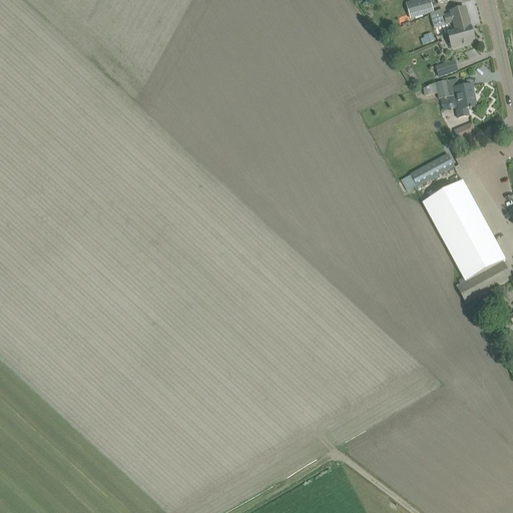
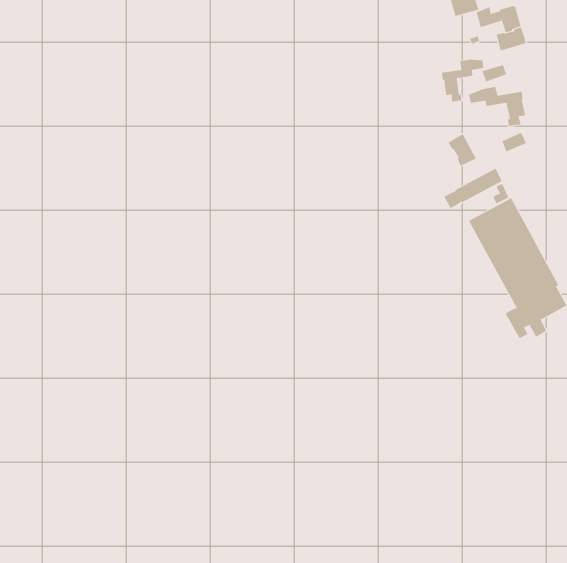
building: none -> [441,59,484,103]
building: none -> [448,133,477,167]

